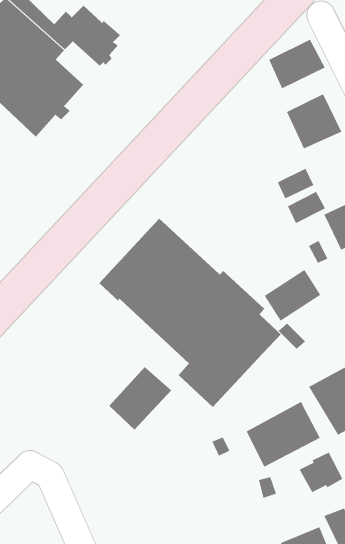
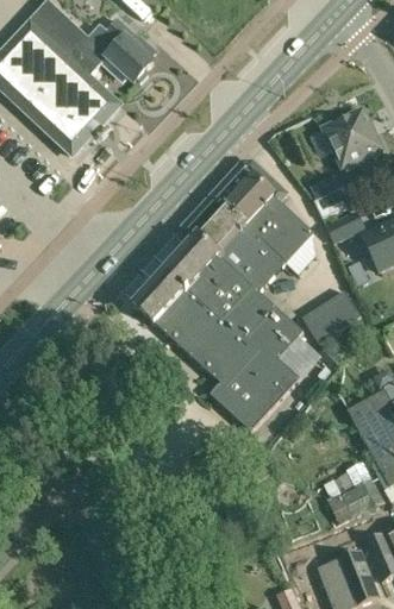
building: [268,39,325,89] -> none
building: none -> [195,163,314,294]
building: [109,366,172,431] -> none
building: [246,401,320,467] -> none

